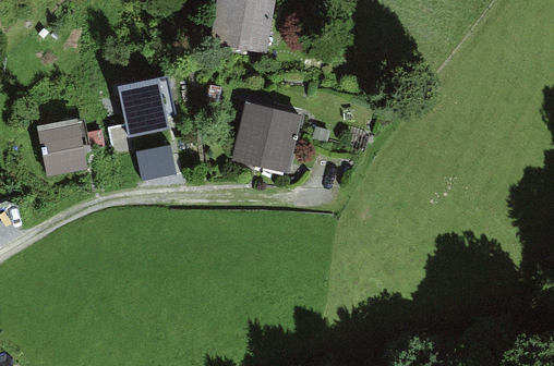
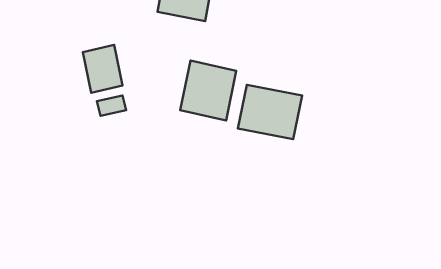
building: [35,120,83,176] -> none
building: none -> [238,85,302,139]

